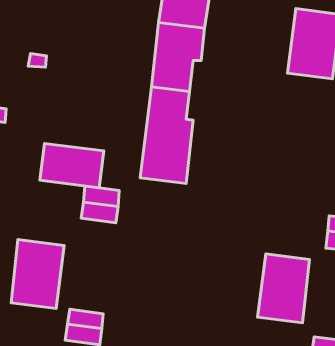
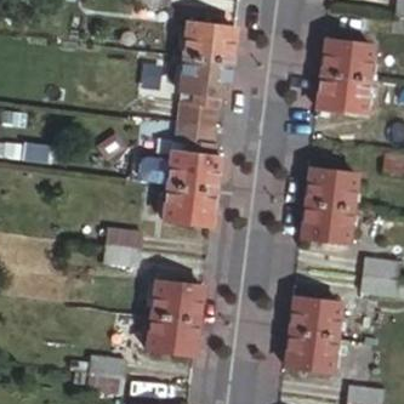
building: none -> [303,170,358,243]
building: [40,143,104,188] -> none
building: [11,240,64,309] -> [148,281,204,354]

